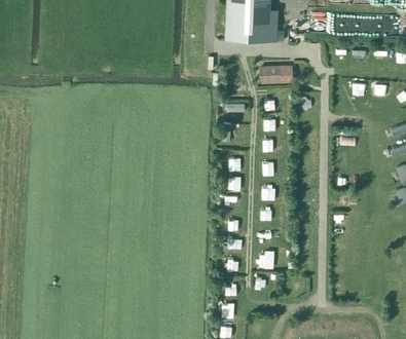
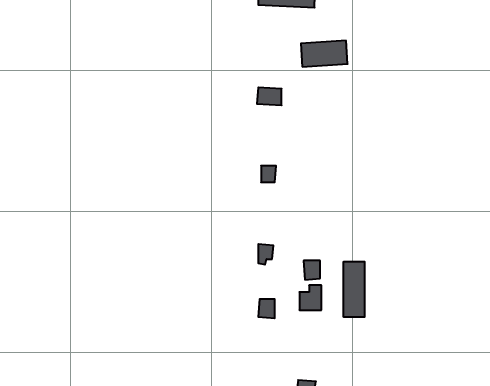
building: none -> [344,262,365,317]

